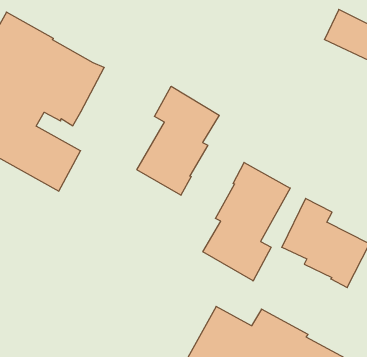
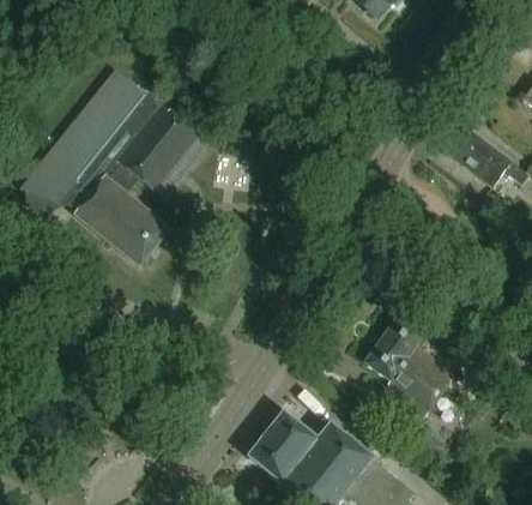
building: [137,86,219,195] -> none
building: [203,162,290,281] -> none

